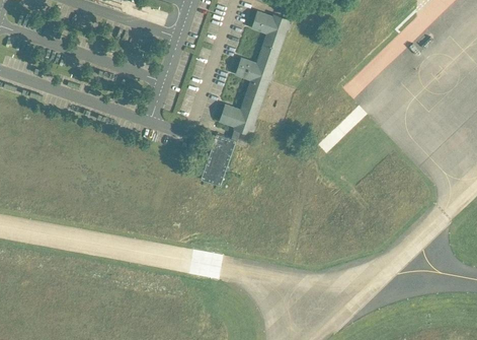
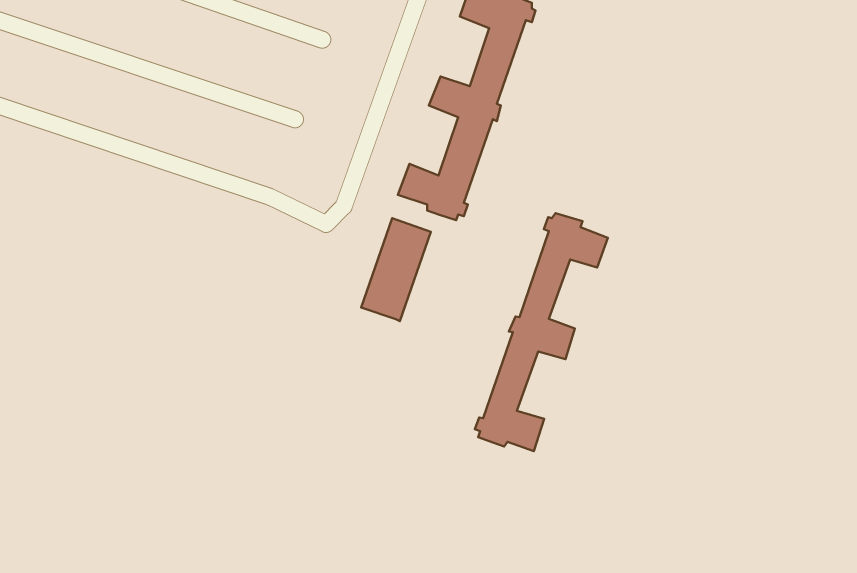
building: none -> [475,213,608,451]

